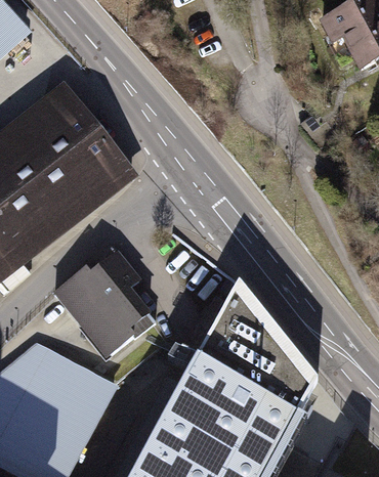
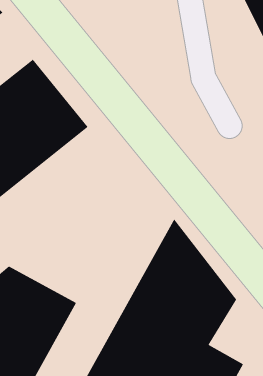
building: [60,254,149,351] -> none

